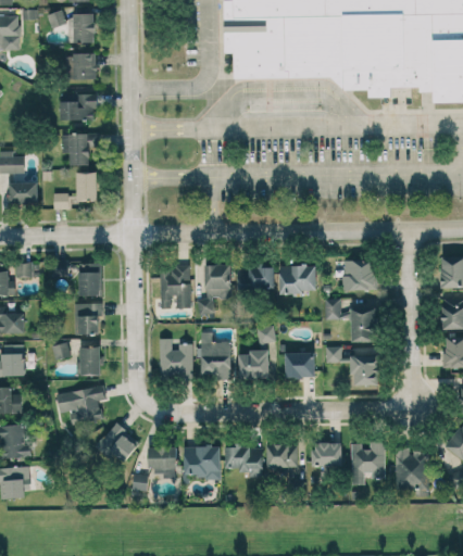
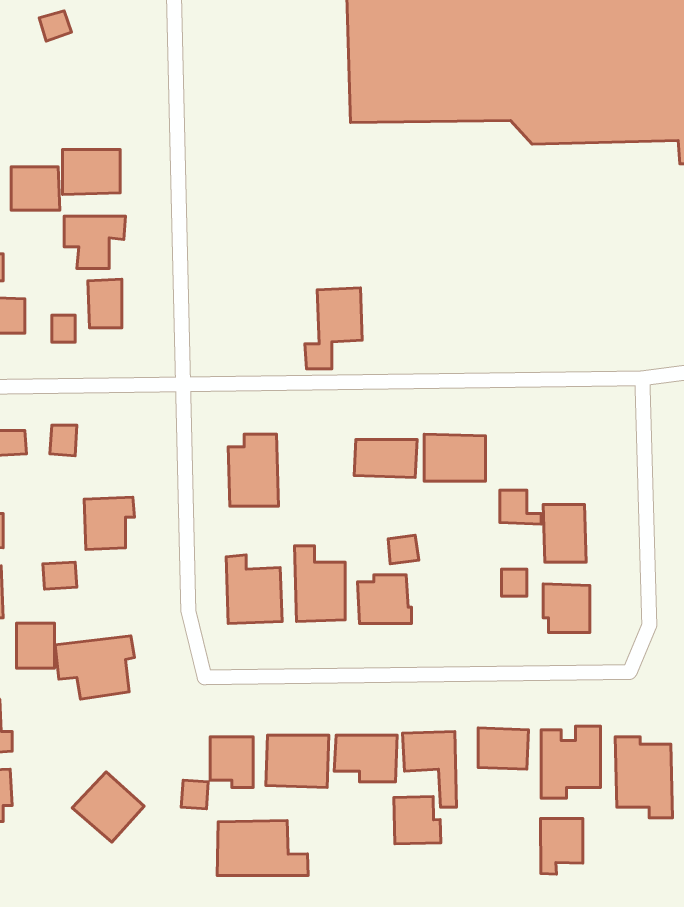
building: [74,13,96,42] -> none
building: [67,53,97,79] -> [11,167,60,210]
building: [342,260,376,291] -> none
building: [78,263,100,295] -> none
building: [197,265,232,314] -> [305,288,362,369]
building: [78,348,101,375] -> [17,623,54,668]
building: [285,352,315,378] -> none
building: [98,421,141,464] -> [72,772,144,842]
building: none -> [394,797,441,844]
building: none -> [540,819,583,874]
building: none -> [217,820,308,875]

